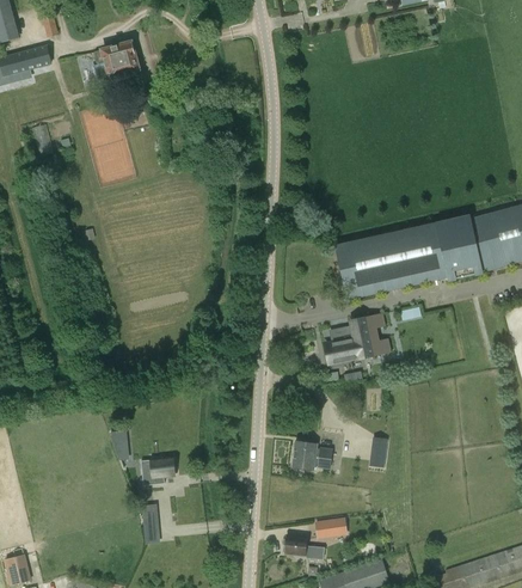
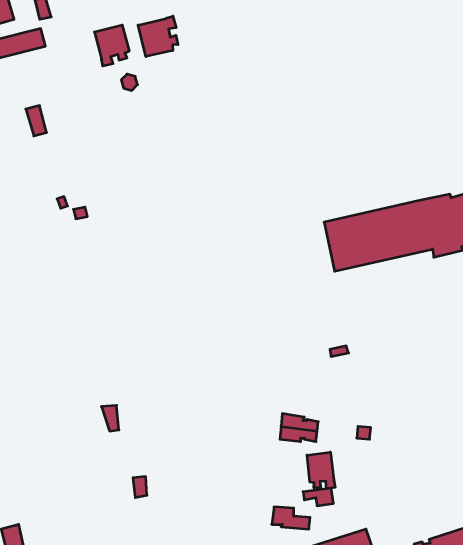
building: none -> [138,16,178,57]
building: [324,313,391,363] -> none
building: [141,458,173,485] -> none
building: none -> [307,452,335,489]

